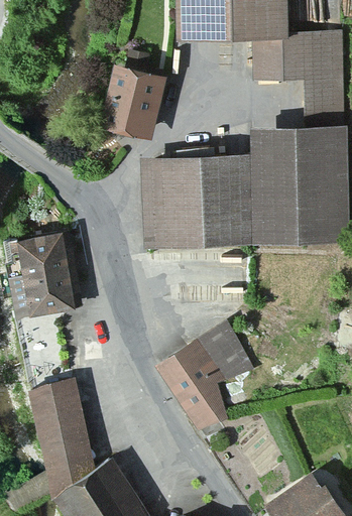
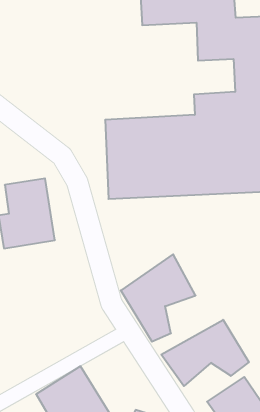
building: [100,64,157,134] -> none
building: [28,379,89,473] -> none
building: none -> [161,320,249,386]

